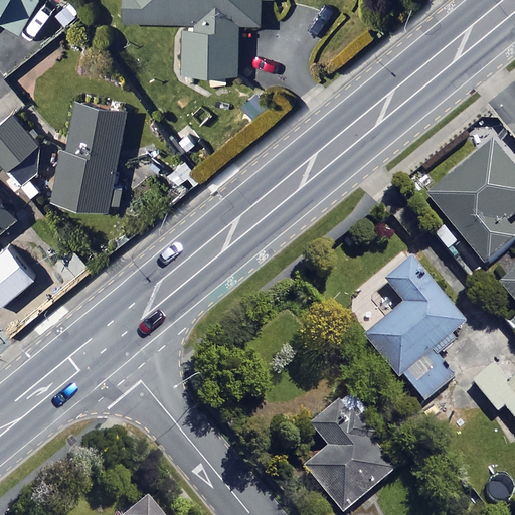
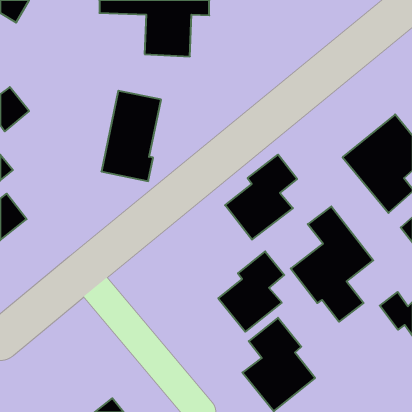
building: [53,94,128,206] -> [101,91,161,181]
building: none -> [225,155,297,240]
building: none -> [218,251,284,332]

